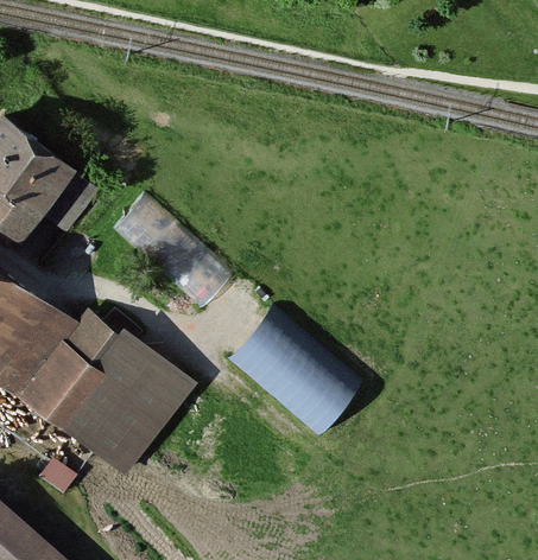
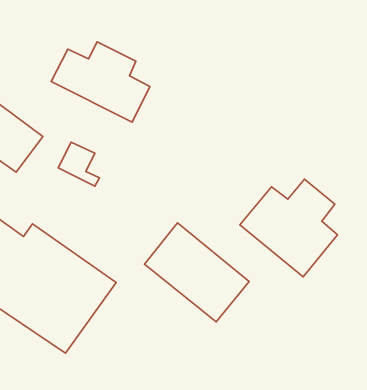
building: none -> [51,42,150,122]
building: none -> [240,179,337,277]

